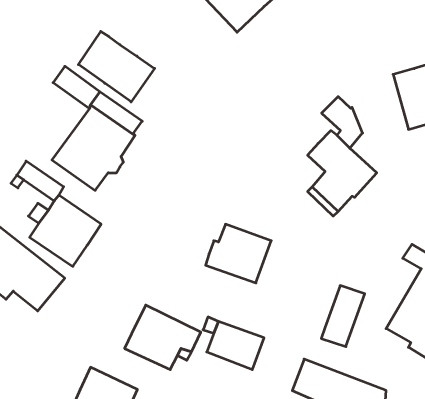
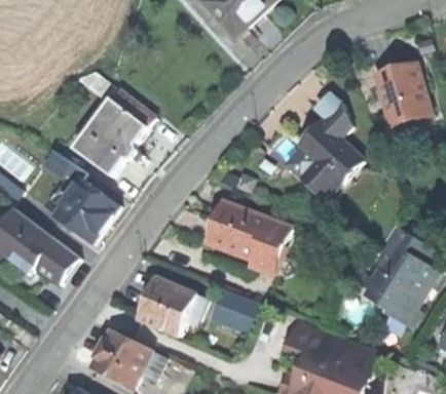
building: [78,31,155,102] -> none
building: [321,286,365,347] -> [250,221,288,274]

